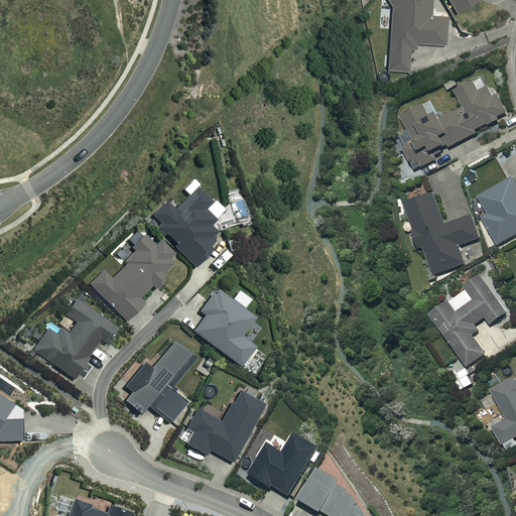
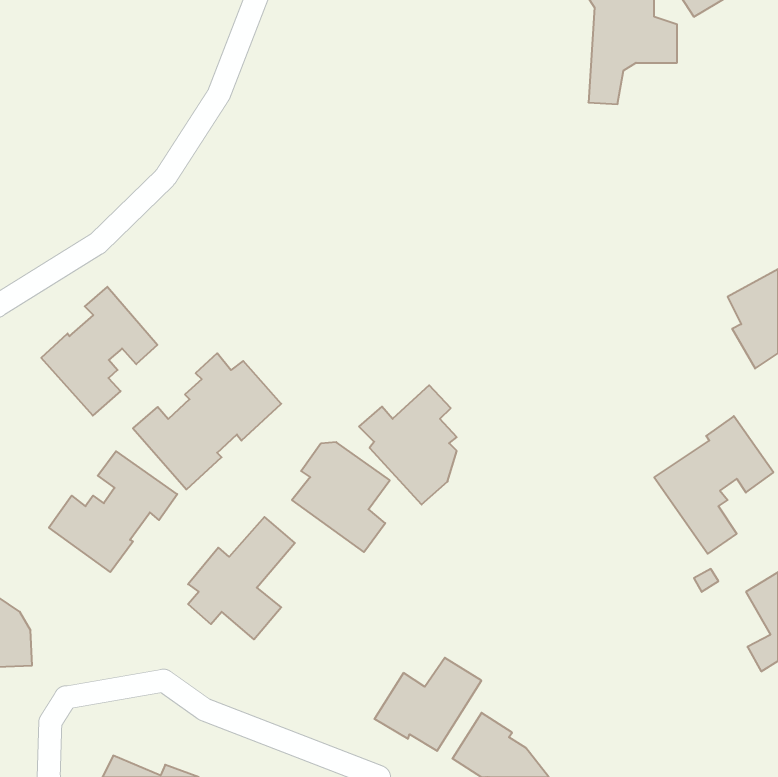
building: [402,80,508,170] -> none
building: [151,185,216,264] -> [359,385,457,505]
building: none -> [41,287,157,416]
building: [405,194,480,272] -> none
building: [184,388,263,460] -> none

